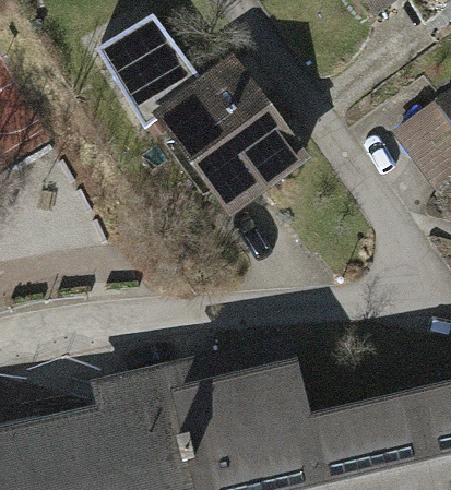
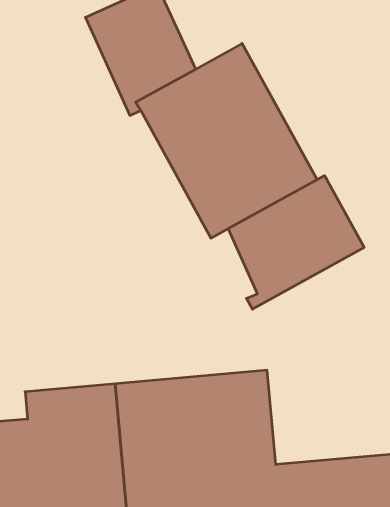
building: none -> [228,176,364,309]

